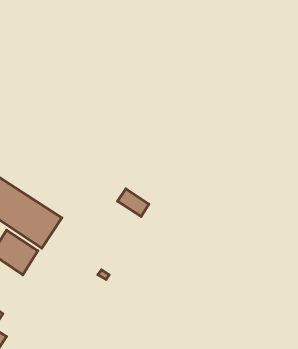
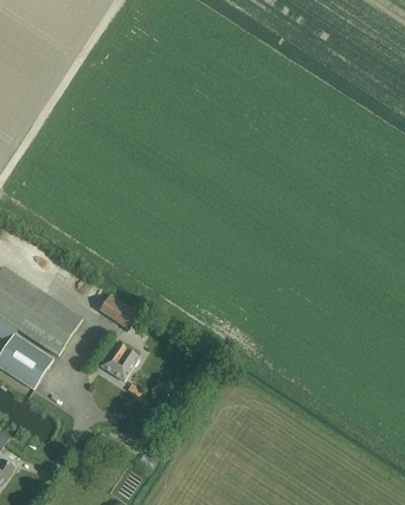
building: [117,189,149,217] -> [98,294,137,328]
building: none -> [99,341,139,379]

